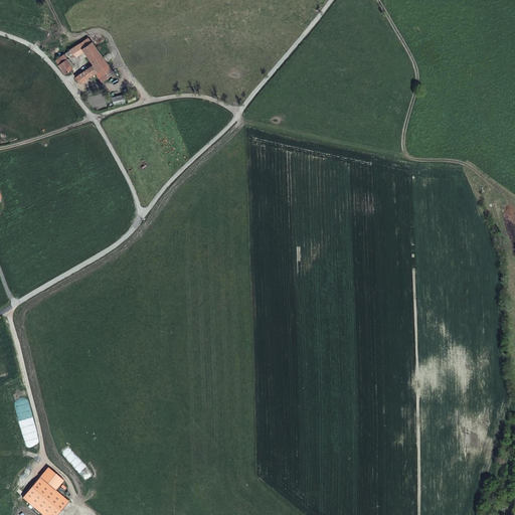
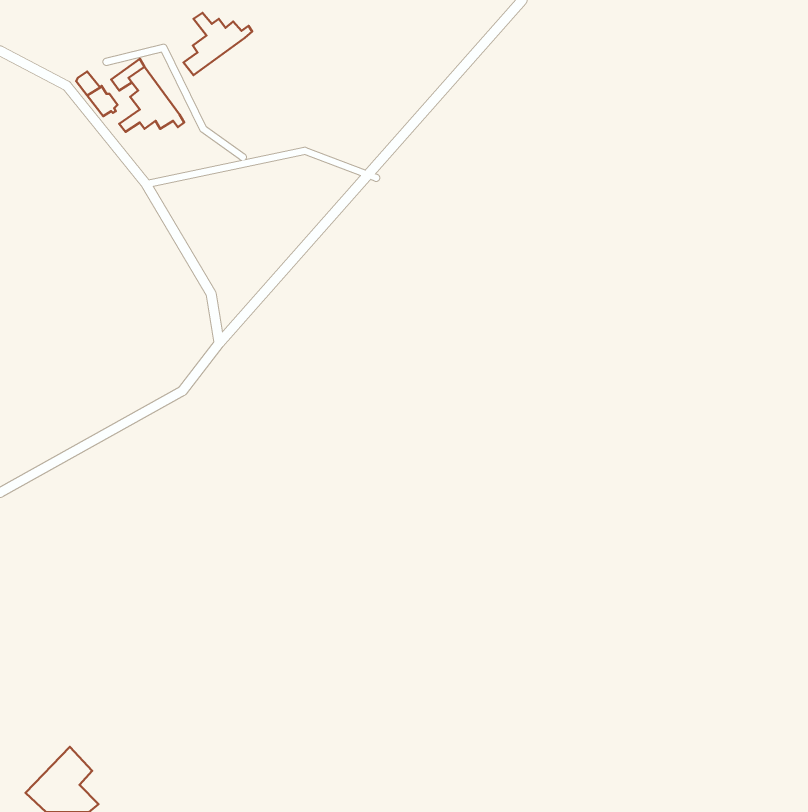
building: none -> [184,13,252,75]

